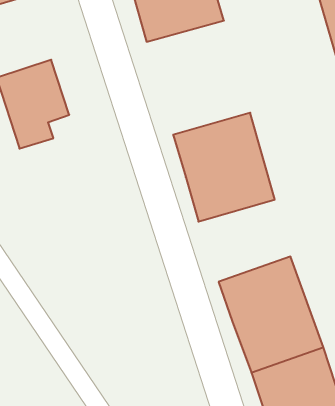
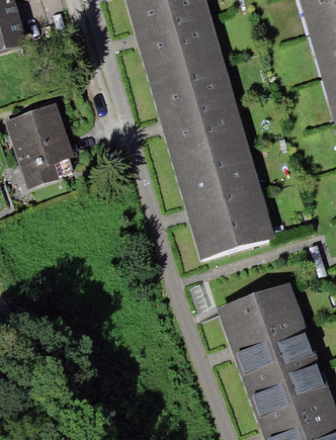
building: none -> [149,63,248,172]

